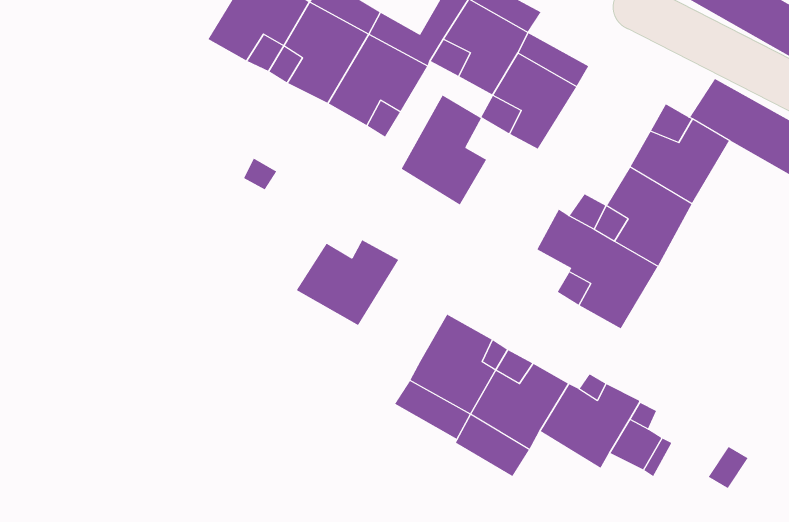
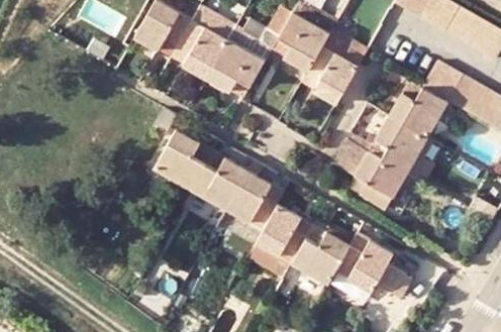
building: [401,94,487,206] -> none
building: none -> [155,130,205,189]
building: none -> [403,137,443,186]
building: none -> [224,171,284,231]

